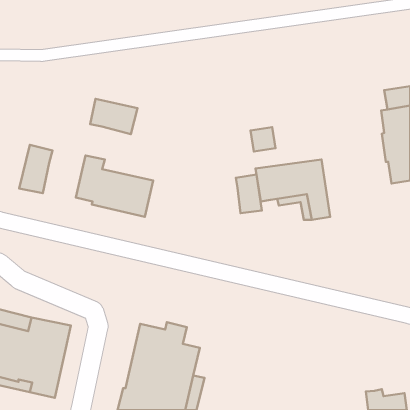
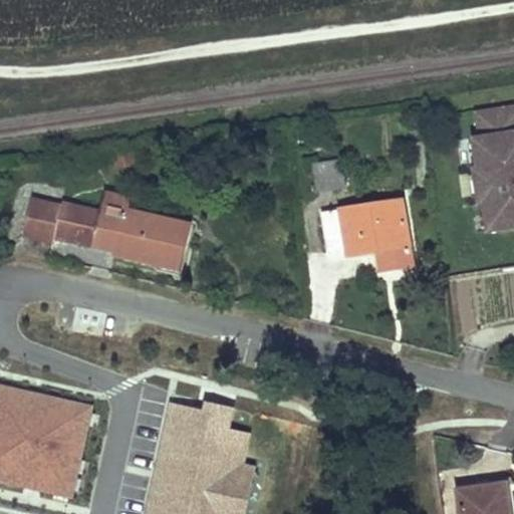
building: [90,99,137,134] -> none
building: none -> [53,203,102,250]
building: [236,174,262,213] -> none

